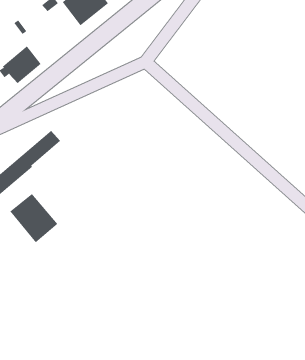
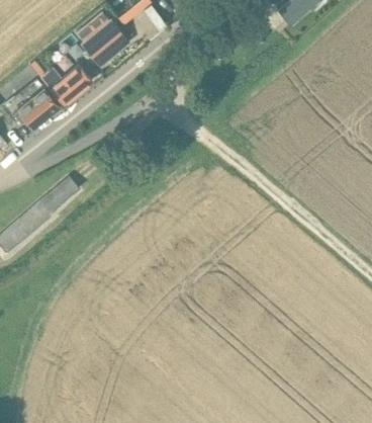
building: none -> [45,65,91,105]
building: [10,193,58,243] -> none

